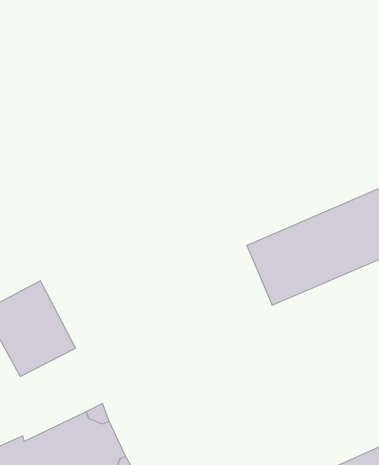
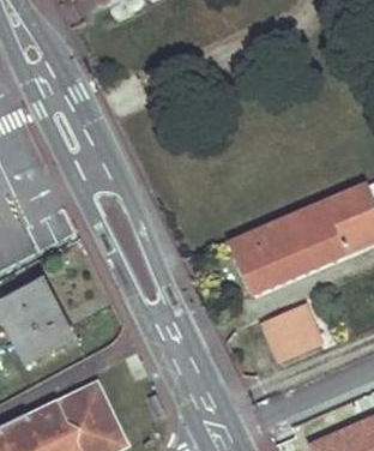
building: none -> [264,305,321,361]

